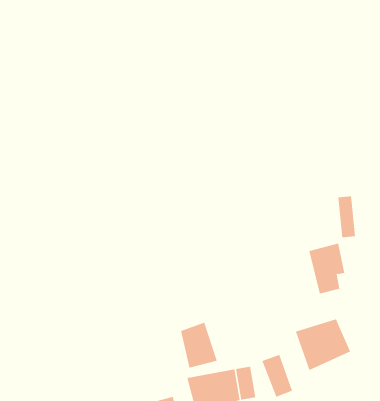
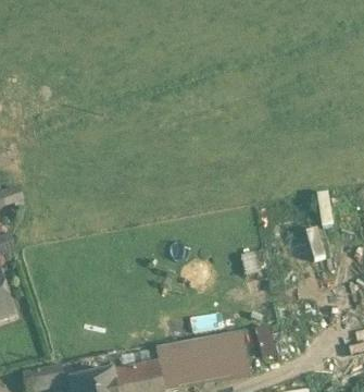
building: [295,318,351,371] -> none
building: [181,322,218,368] -> none

